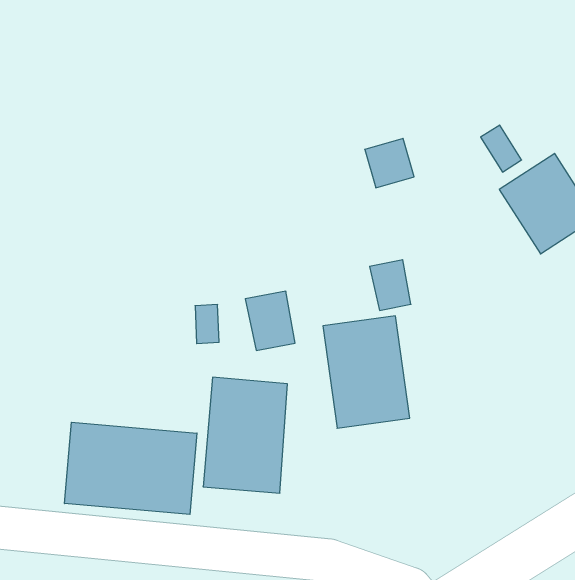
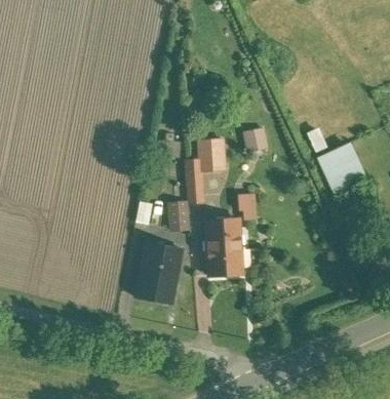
building: none -> [189,139,229,207]
building: [65,422,197,514] -> none

